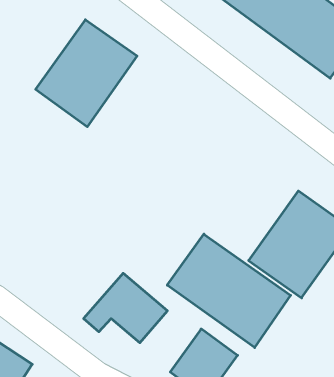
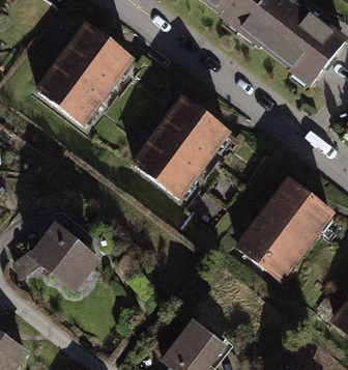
building: none -> [127,106,224,206]
building: [167,234,291,348] -> none
building: [84,273,167,343] -> [28,225,107,290]

